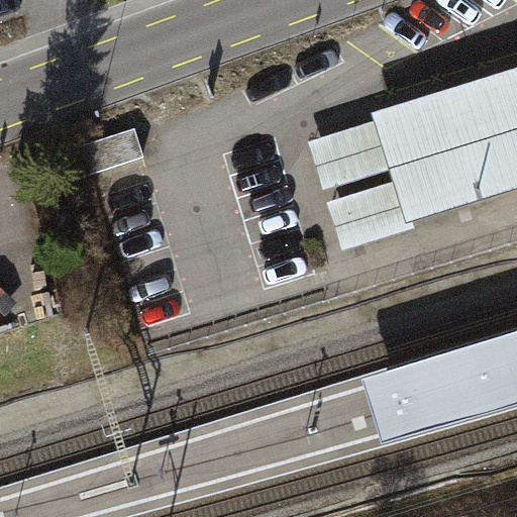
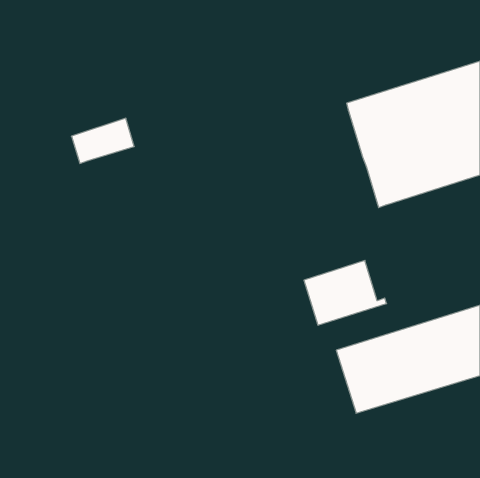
building: [309,119,390,189] -> none
building: [328,180,417,249] -> [304,260,387,325]

